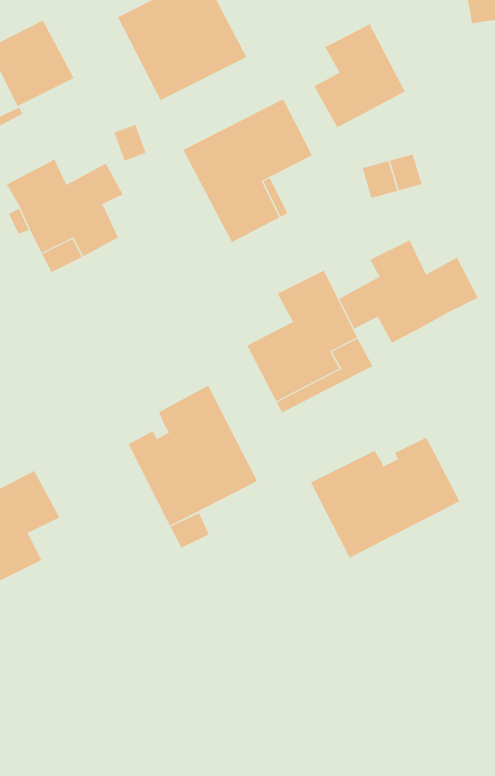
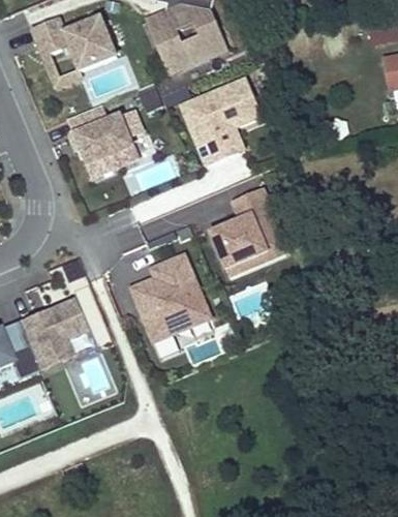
building: [314,24,405,128] -> none
building: [338,240,478,344] -> none
building: [310,437,460,558] -> none

